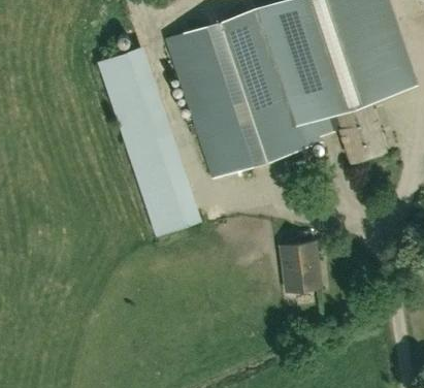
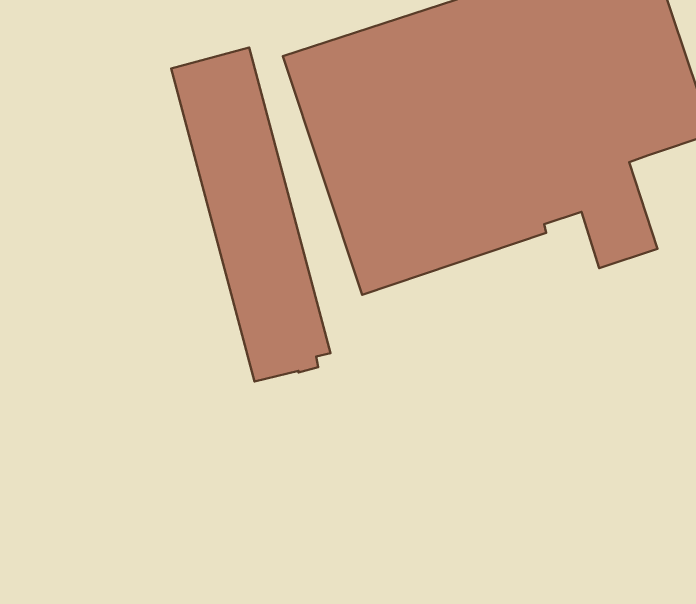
building: [280,242,318,292] -> none

